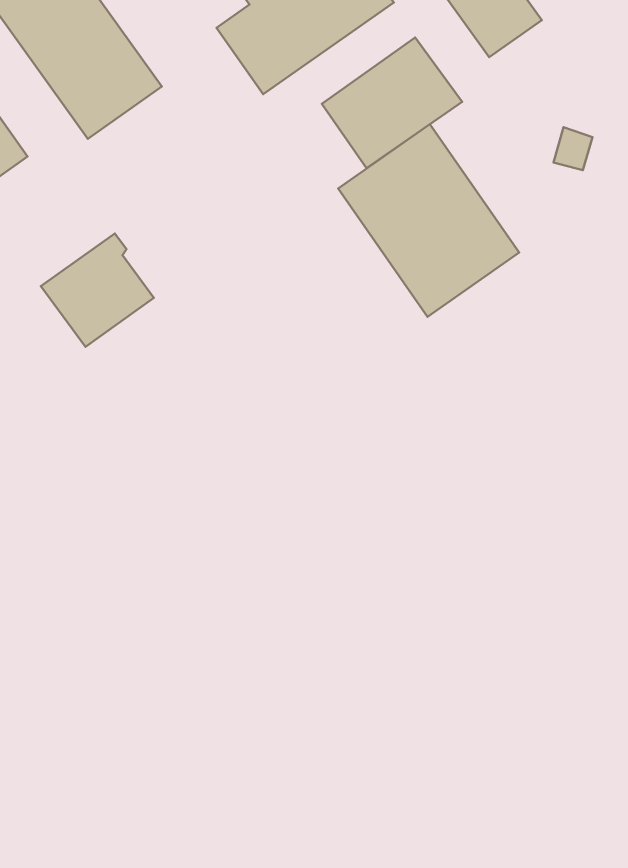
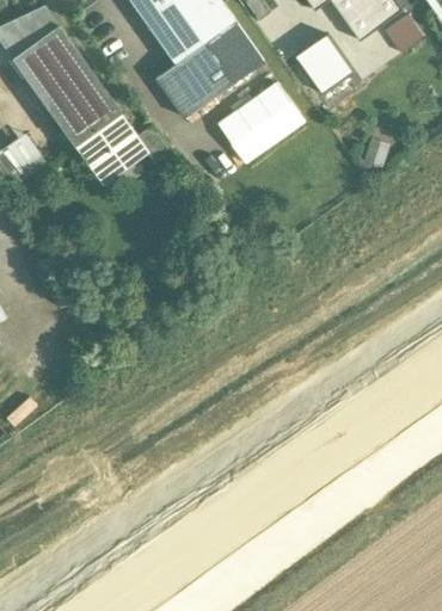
building: [338,124,519,317] -> none
building: [41,234,154,347] -> [75,112,145,181]

